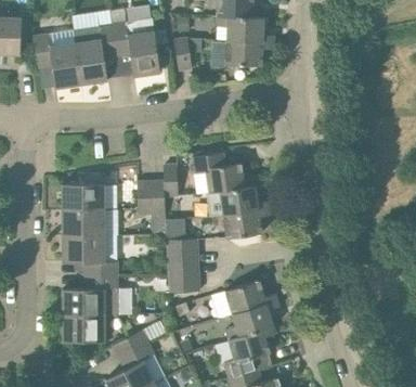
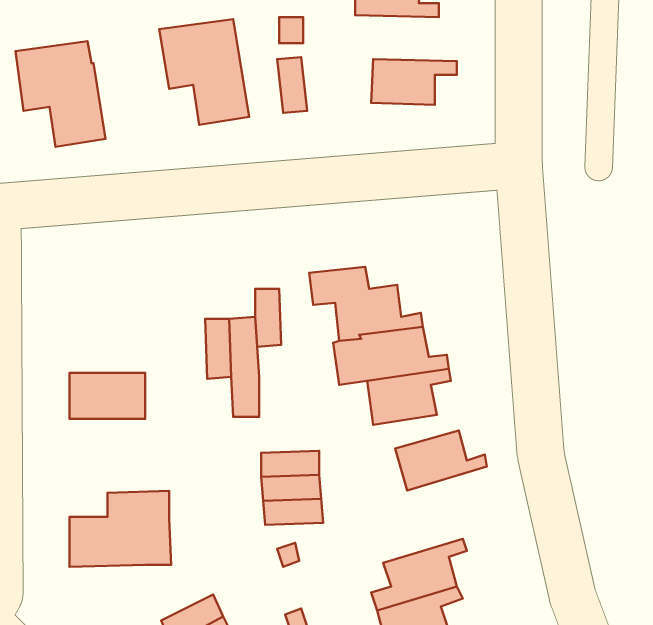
building: [217,16,273,41] -> none
building: [73,24,117,83] -> none
building: [63,183,116,210] -> none
building: [166,218,198,254] -> none
building: [63,235,117,275] -> none
building: [226,281,276,313] -> [395,431,487,491]
building: [63,314,104,341] -> none

